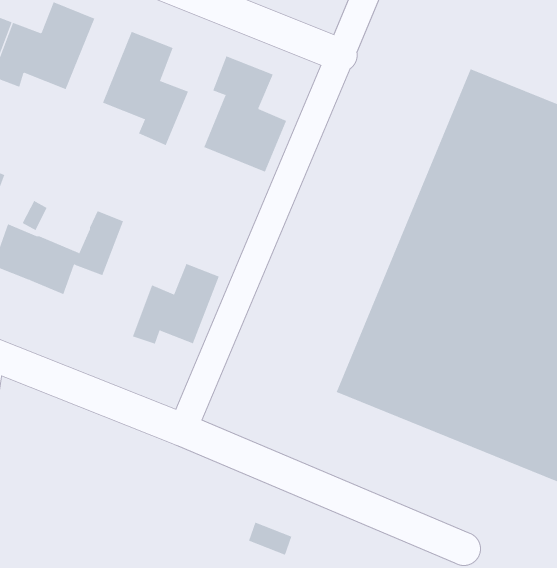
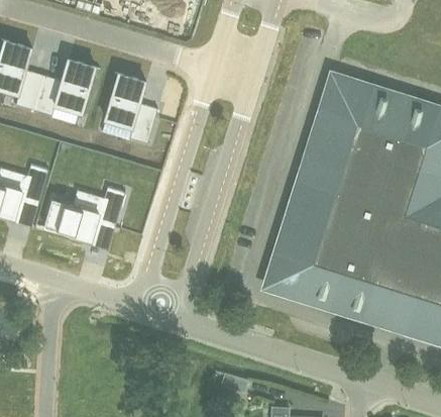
building: [203,56,287,172] -> none
building: [132,263,219,345] -> none

